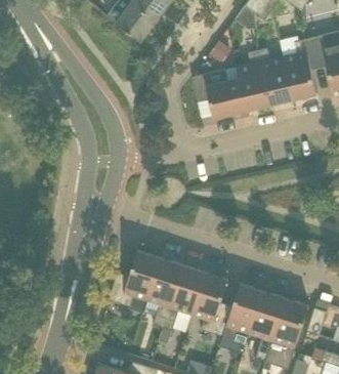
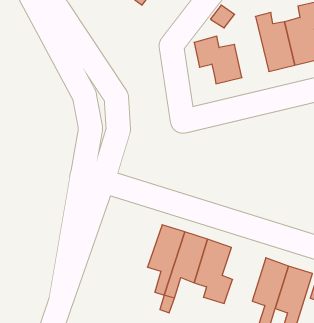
building: [232,52,266,113] -> none
building: [109,251,161,307] -> none
building: [220,284,263,349] -> none

